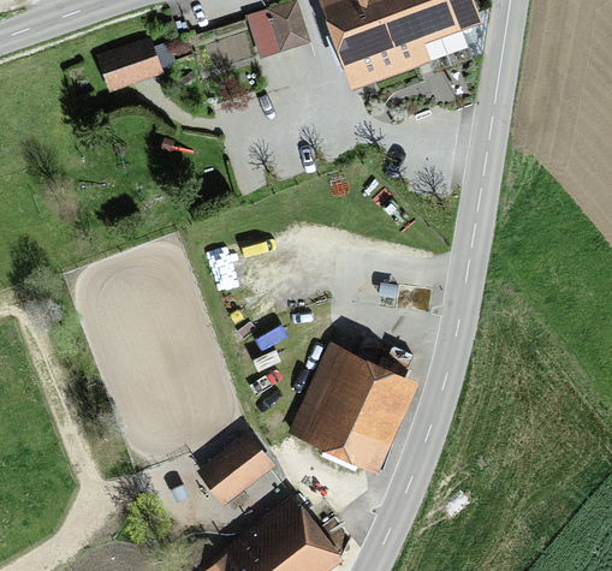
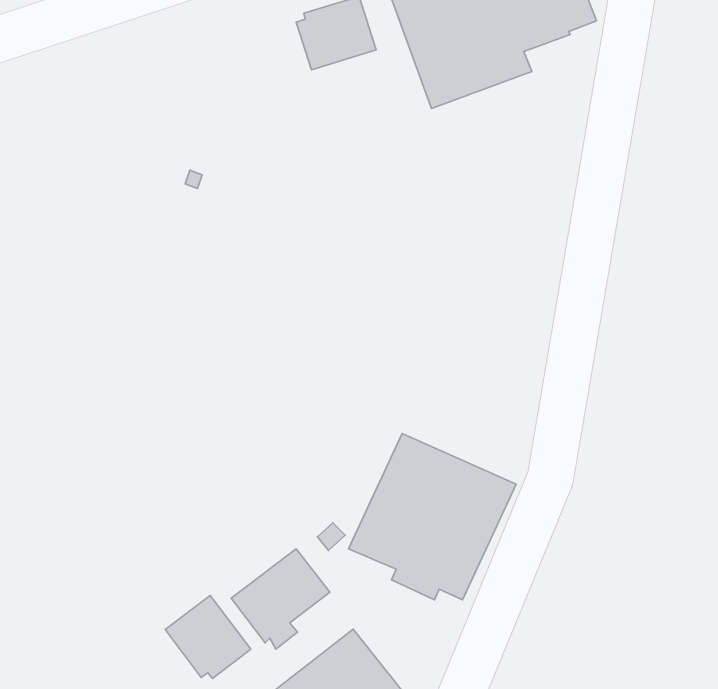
building: [96,36,162,93] -> none
building: none -> [165,596,251,679]

